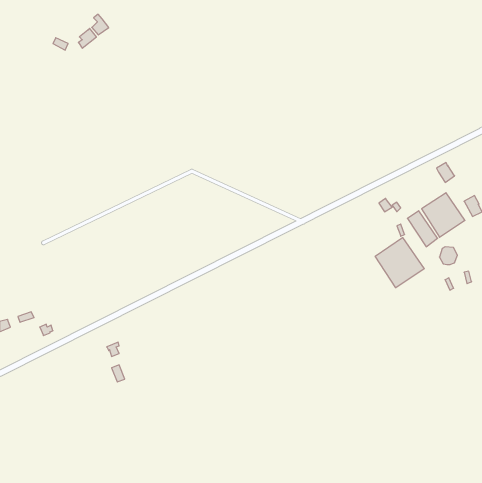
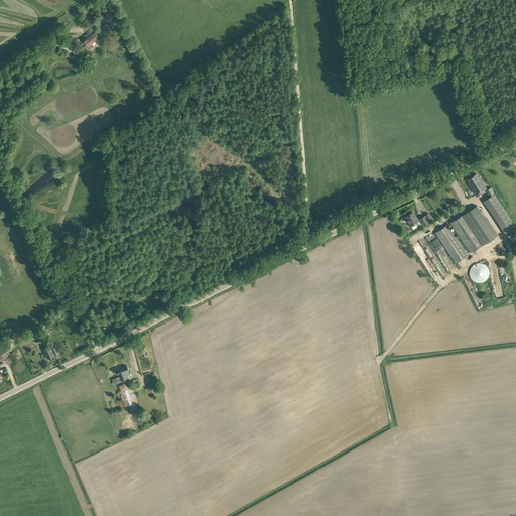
building: [375,238,424,288] -> none

